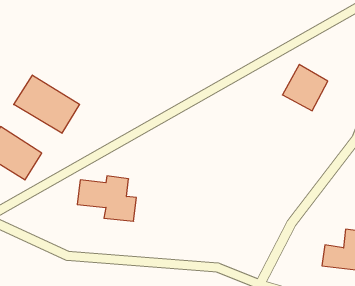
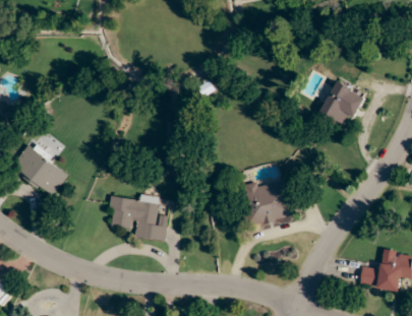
building: [14,75,80,133] -> none
building: none -> [239,176,299,231]

